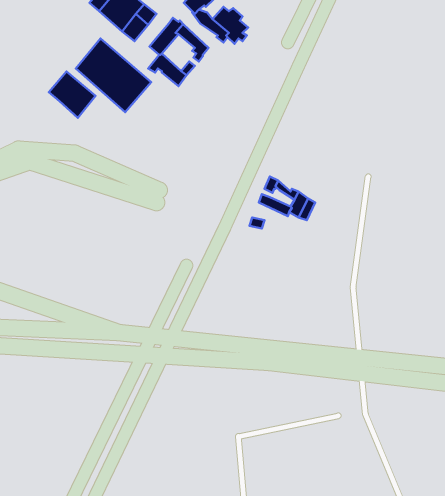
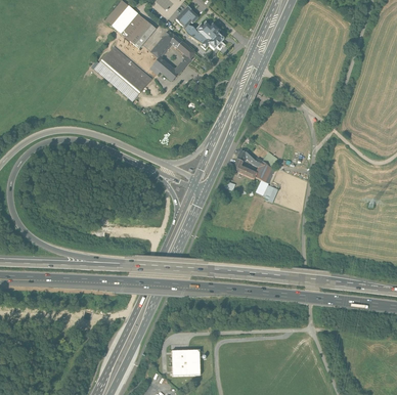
building: [49,71,95,118] -> none
building: none -> [172,349,201,375]

